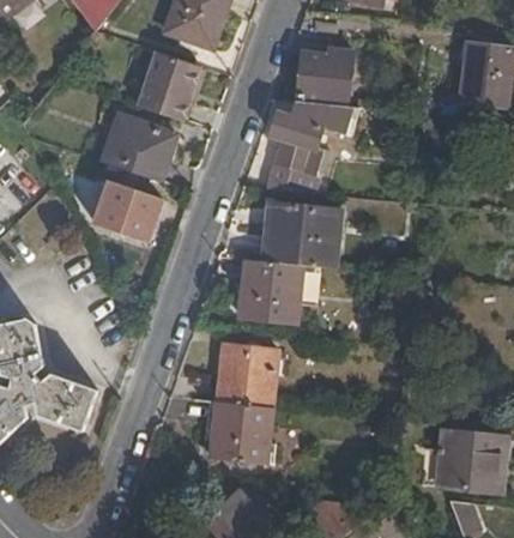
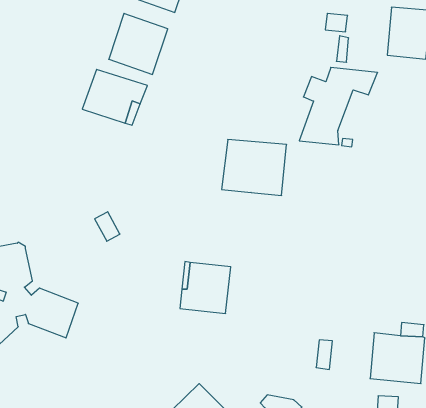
building: [297,44,353,97] -> none
building: [266,98,358,189] -> [299,67,378,145]
building: [95,185,162,246] -> none
building: [240,258,301,321] -> none
building: [210,399,271,463] -> none

